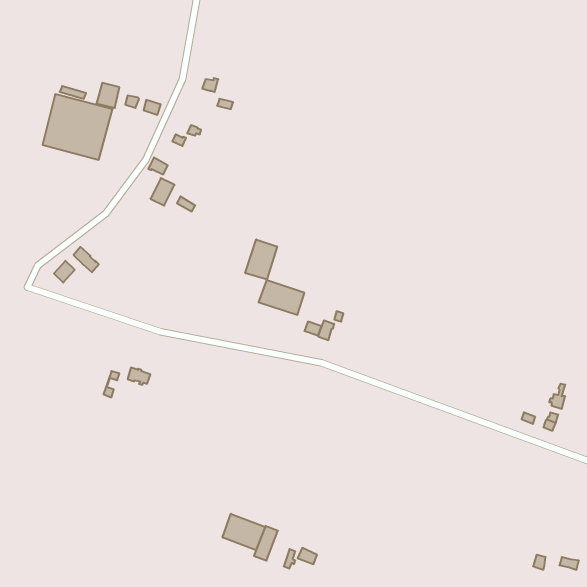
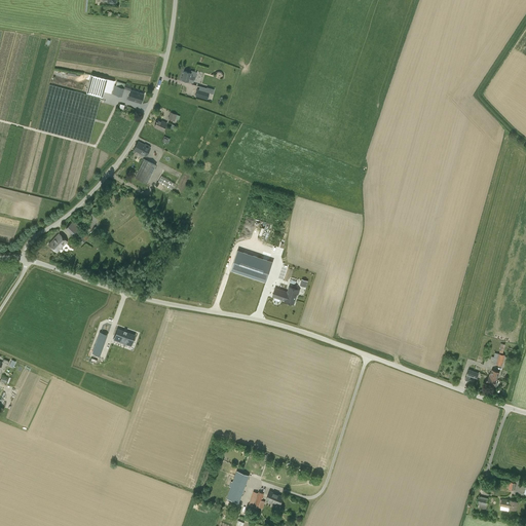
building: [245,239,277,279] -> none
building: [223,514,265,550] -> none

